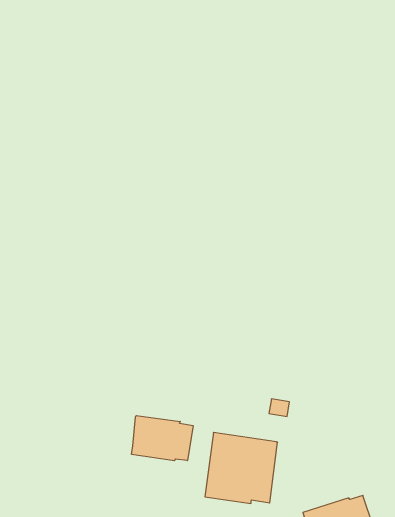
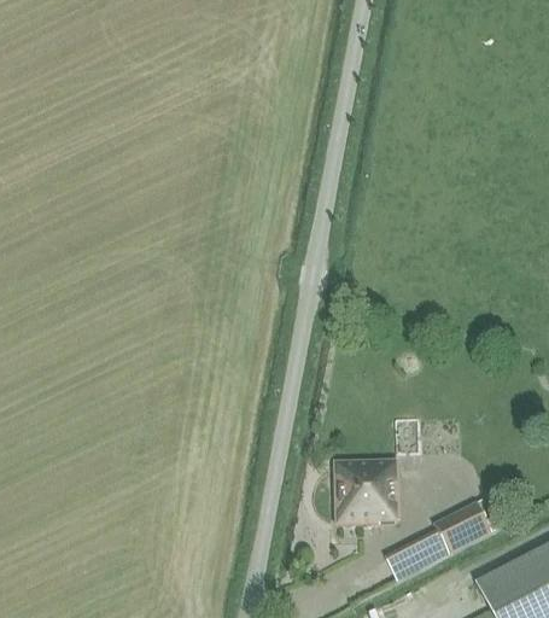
building: [132,416,193,461] -> none

